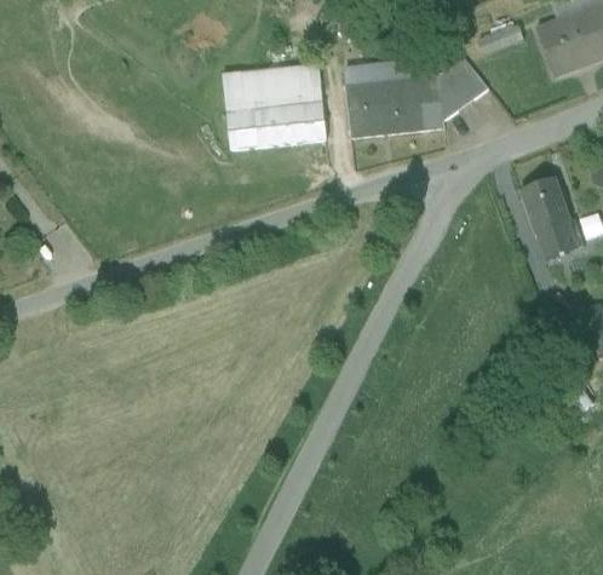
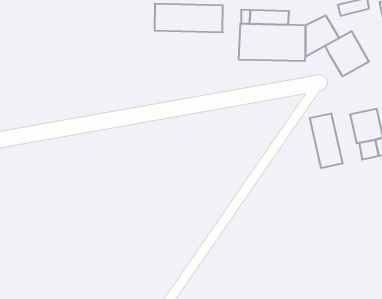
building: none -> [325,31,369,76]
building: [228,102,327,150] -> none
building: none -> [310,113,343,168]

